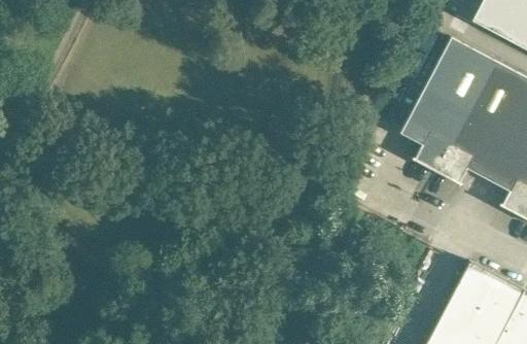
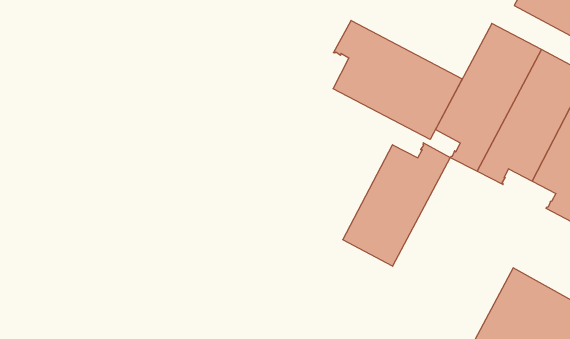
building: none -> [333,20,462,139]
building: none -> [343,143,450,266]

